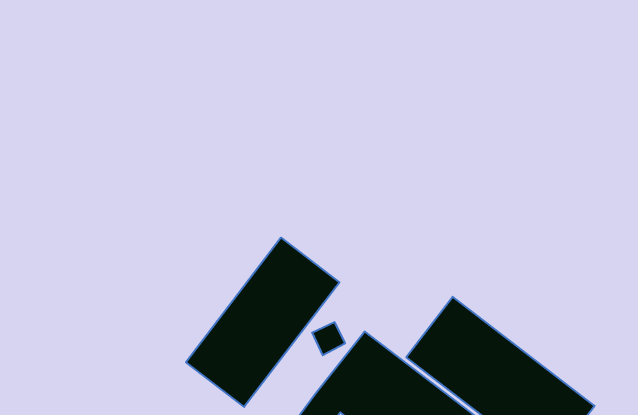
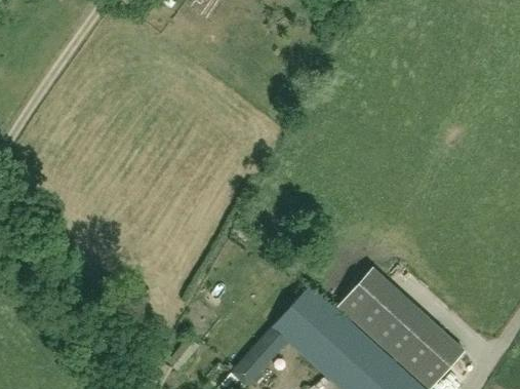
building: [186,238,339,407] -> none

